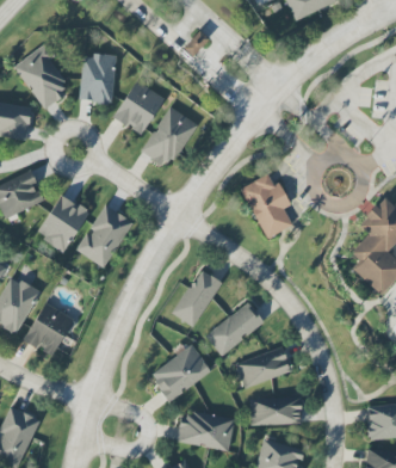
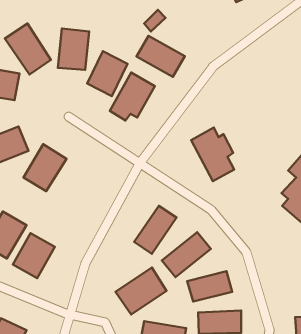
building: none -> [137,36,185,77]
building: [75,204,134,267] -> none

